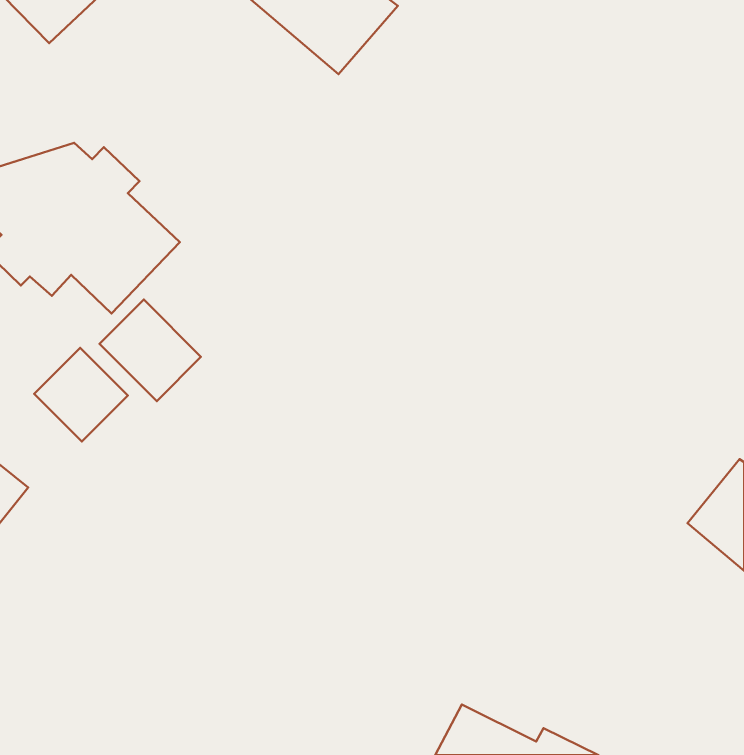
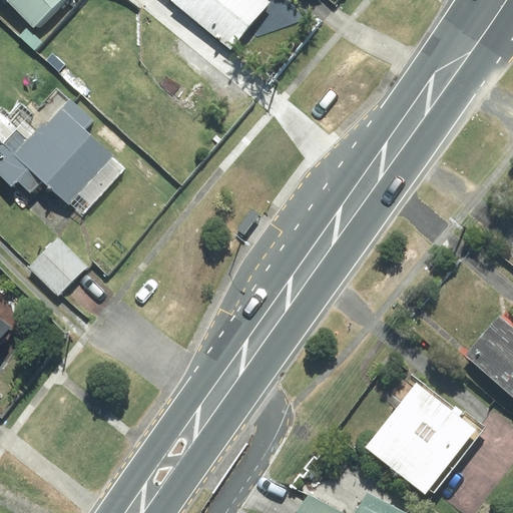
building: [100,300,201,401] -> none
building: none -> [367,380,487,497]

